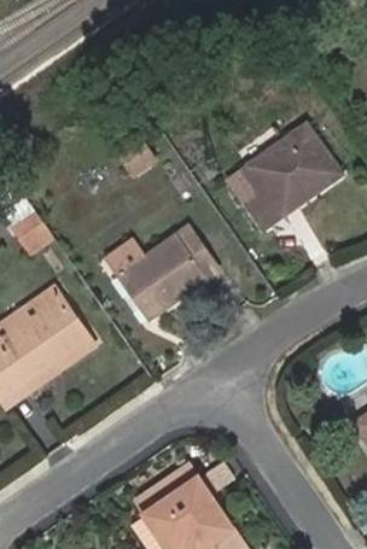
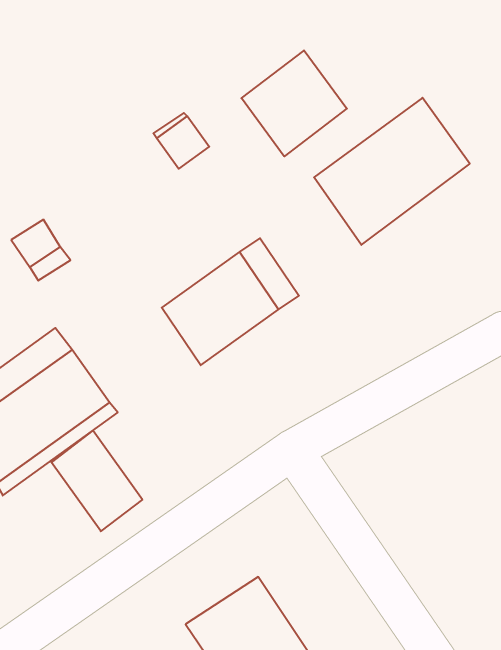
building: none -> [241,50,347,156]
building: none -> [51,430,142,531]

